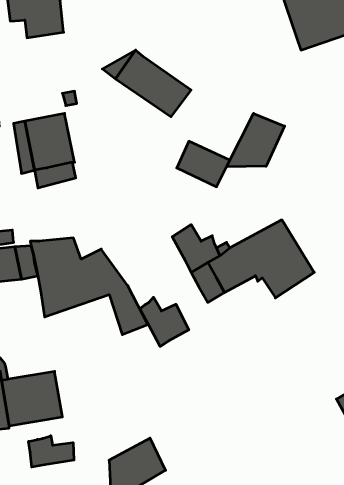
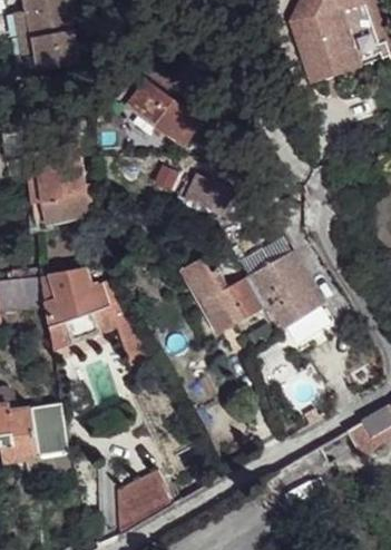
building: [227,113,285,167] -> none
building: [140,297,189,346] -> none
building: [29,436,74,467] -> none

